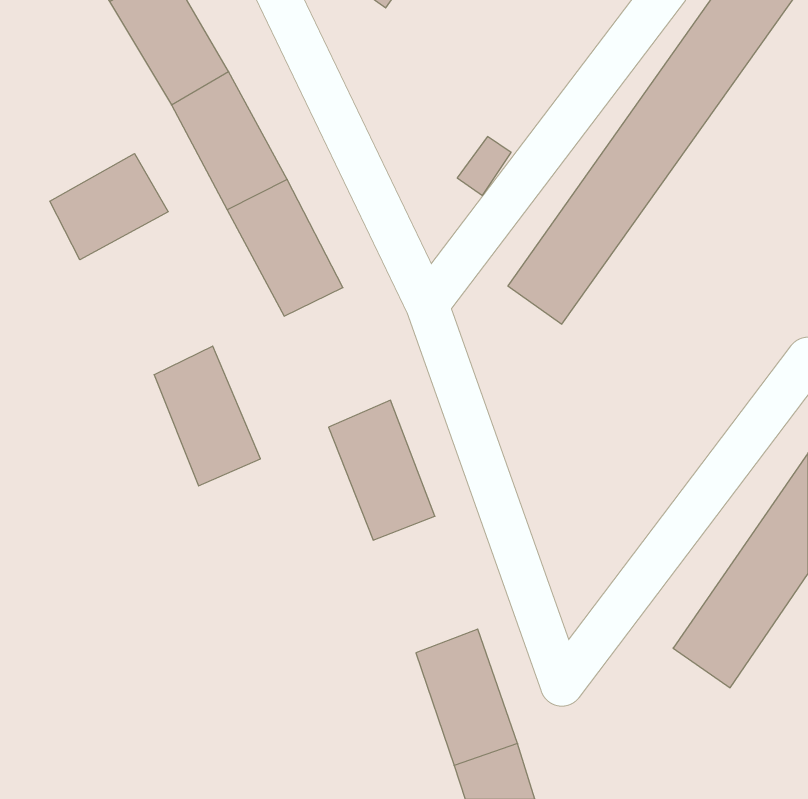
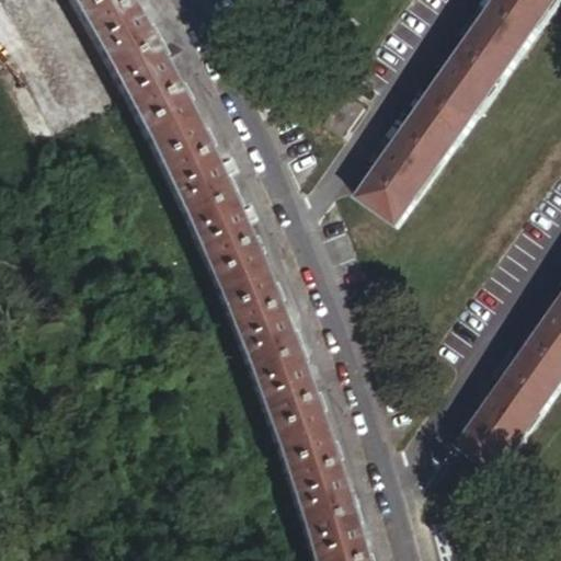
building: [50,154,168,260] -> none
building: [154,346,260,486] -> [196,198,270,295]
building: none -> [257,356,330,450]

